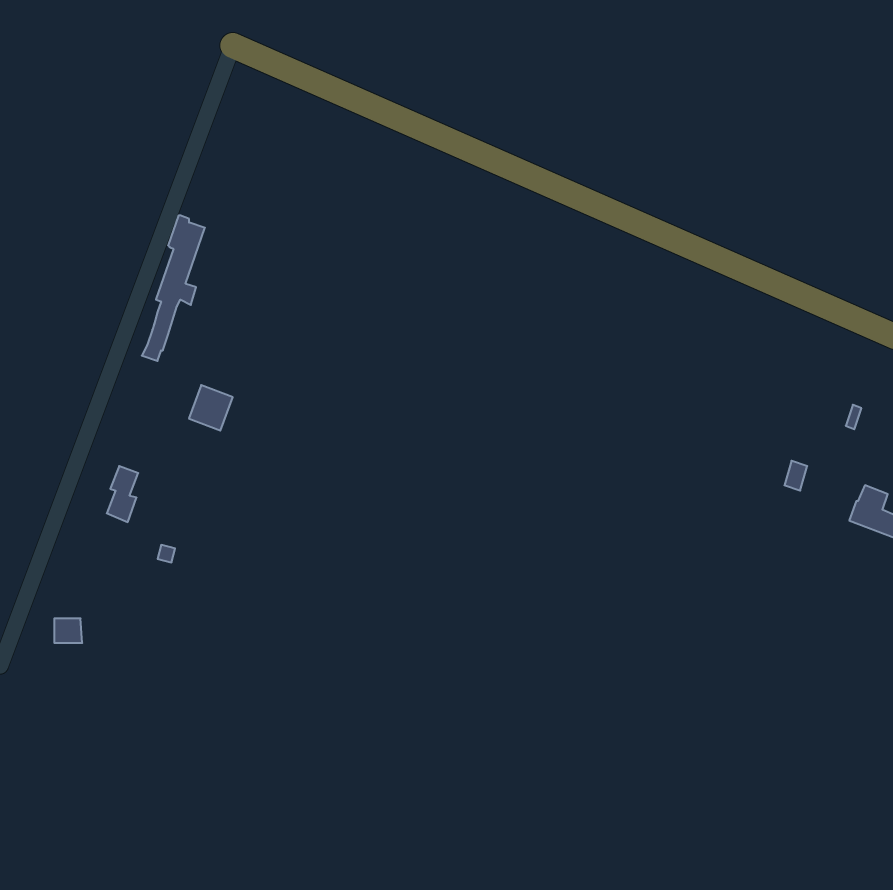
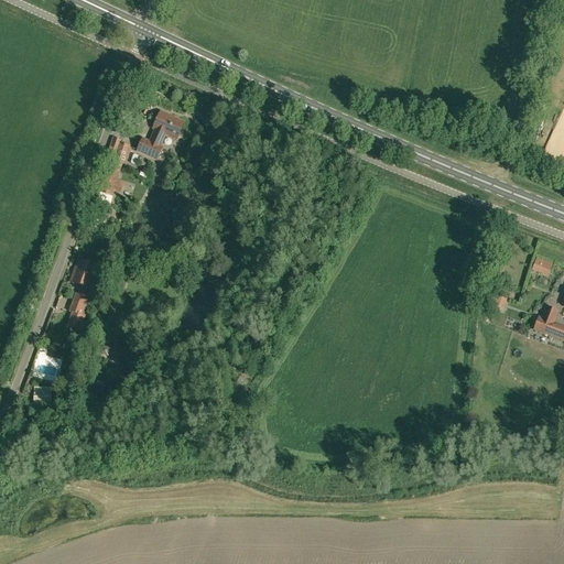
building: none -> [139,110,185,158]
building: [189,385,233,431] -> [72,258,99,286]

